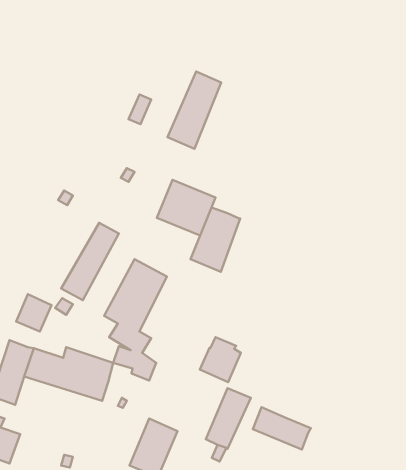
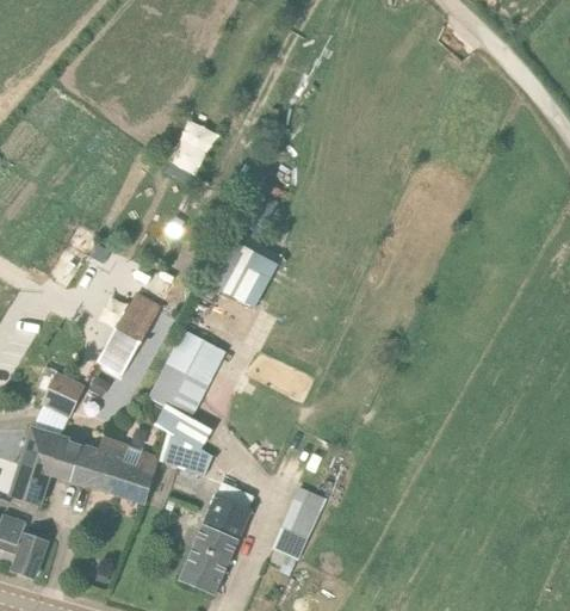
building: [167,72,221,149] -> none
building: [190,207,240,272] -> none
building: [200,337,241,382] -> [203,485,253,539]
building: [253,407,311,449] -> none

